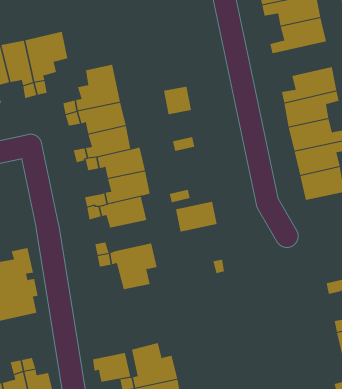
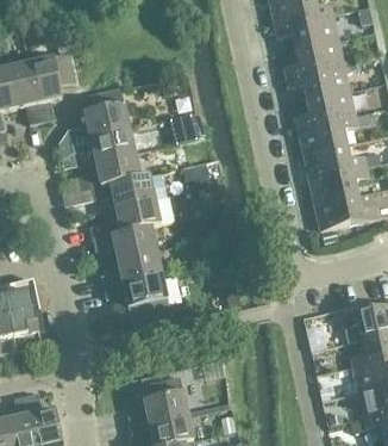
building: none -> [287,63,350,99]
building: [175,201,218,232] -> [118,249,162,281]
building: [92,352,131,382] -> none

